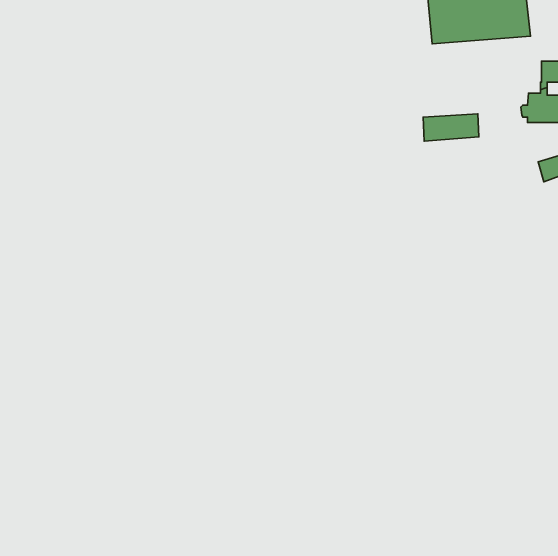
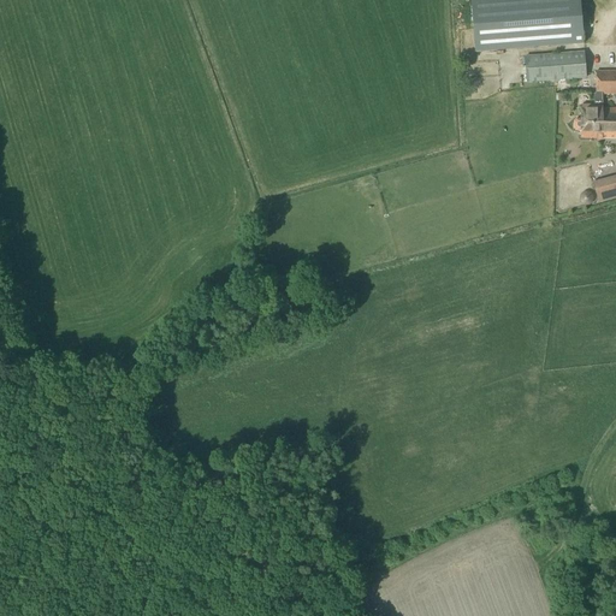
building: [423,114,479,141] -> [526,49,587,79]

